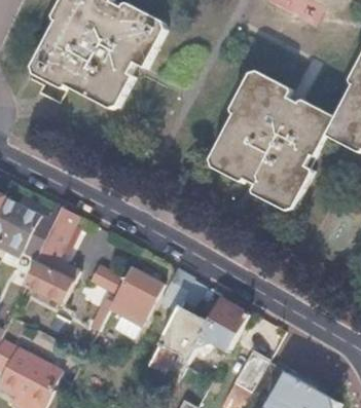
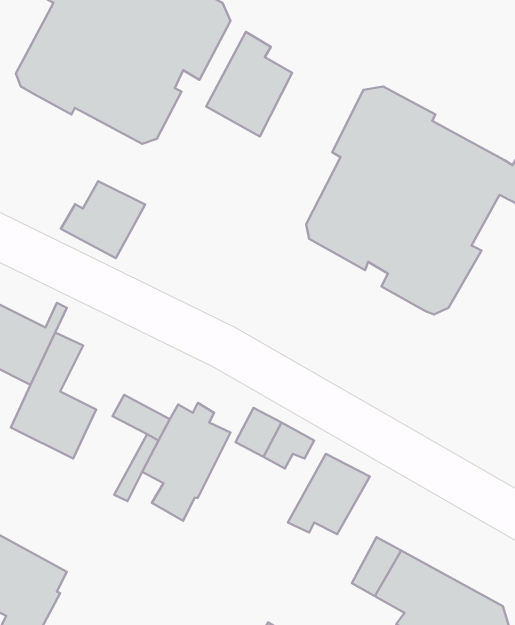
building: none -> [206,32,292,137]
building: none -> [61,181,145,258]
building: [149,299,222,371] -> none

